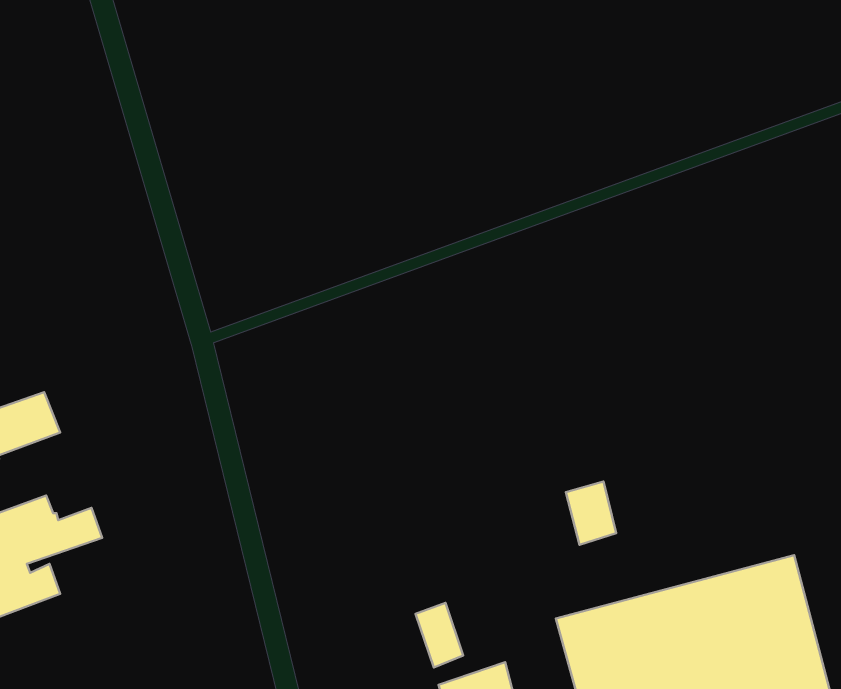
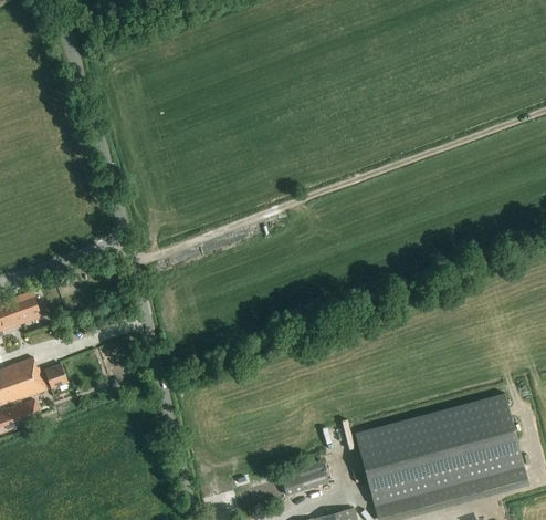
building: [566,481,616,545] -> none
building: [415,603,463,668] -> none

